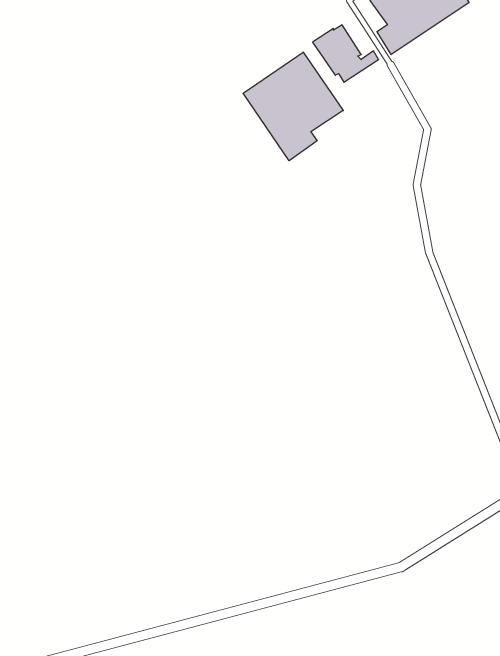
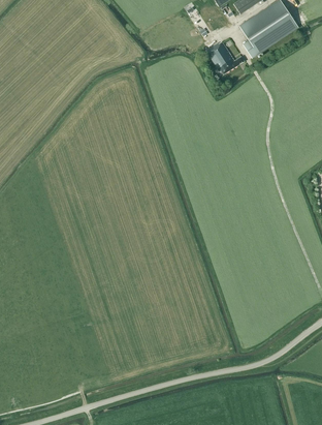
building: [243,52,343,161] -> none

